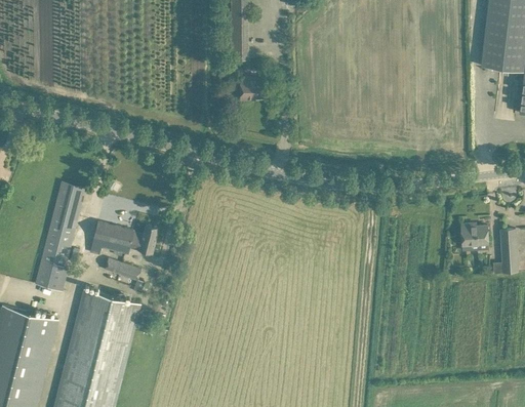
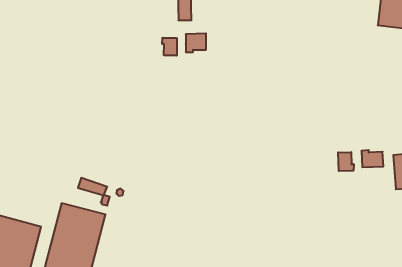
building: none -> [162,38,177,56]
building: [35,181,85,292] -> none
building: [89,221,158,254] -> none
building: none -> [338,152,354,171]

